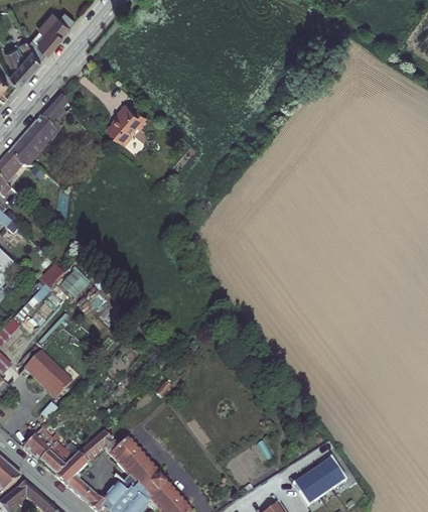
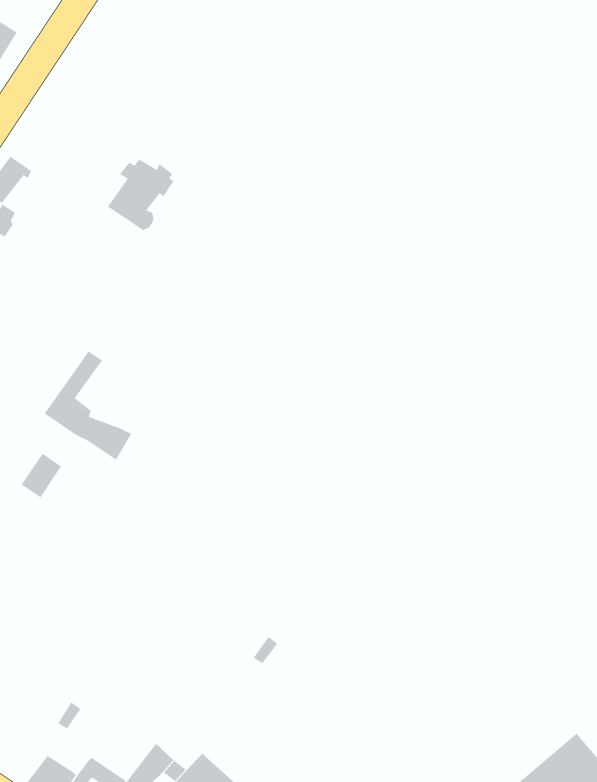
building: none -> [44,351,132,460]
building: [25,350,74,396] -> none

